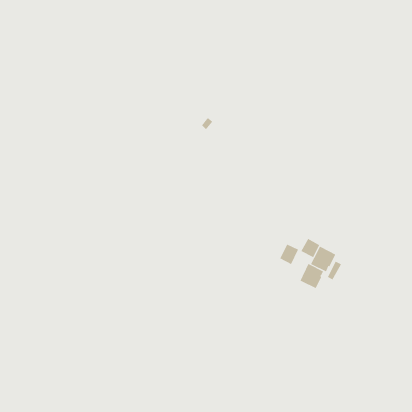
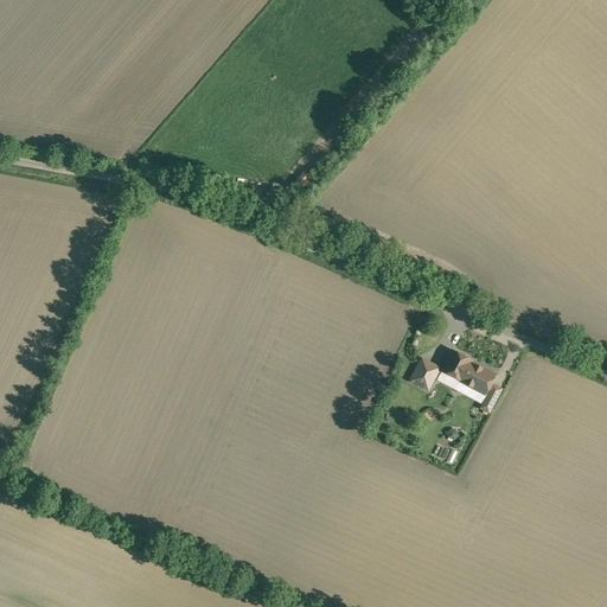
building: [300,263,324,289] -> none

